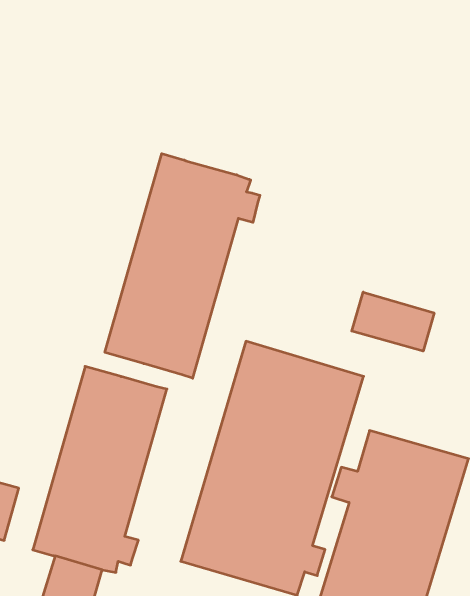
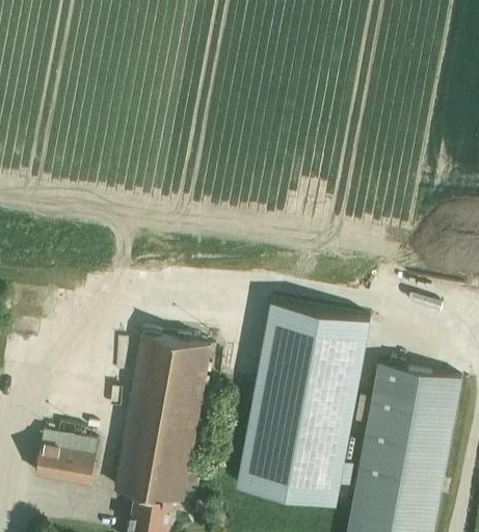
building: [105,154,260,378] -> none
building: [352,292,434,351] -> none

